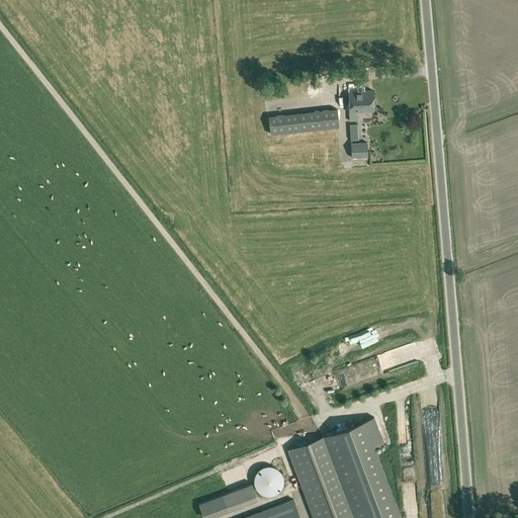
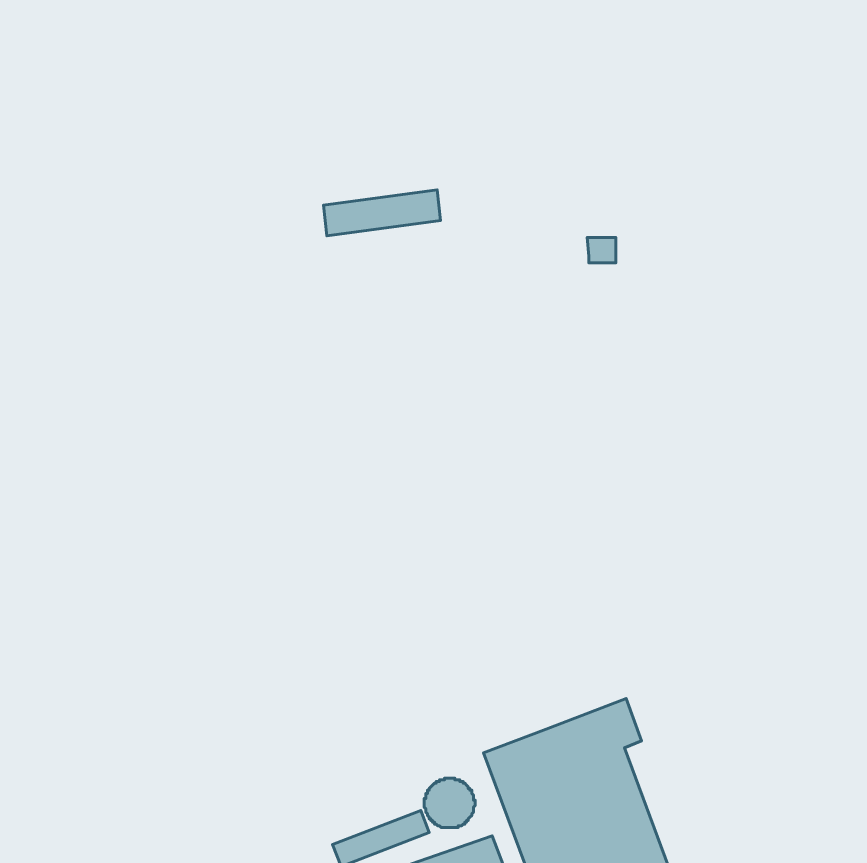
building: [349,92,373,114] -> none
building: [269,109,339,137] -> [324,190,441,236]

